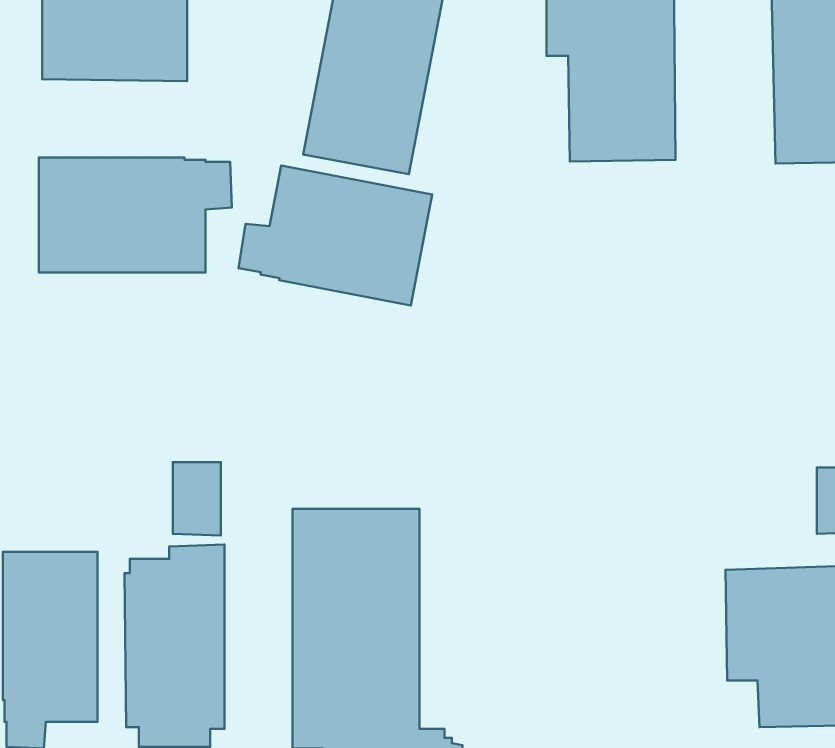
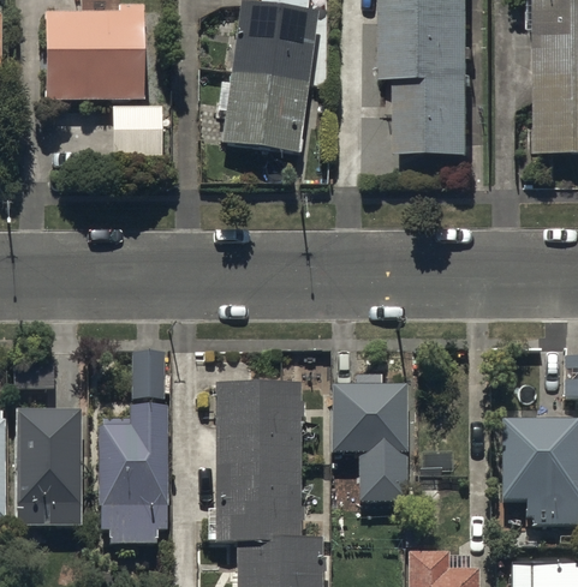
building: [39,158,232,272] -> none
building: [239,165,432,305] -> none
building: none -> [333,373,407,503]

